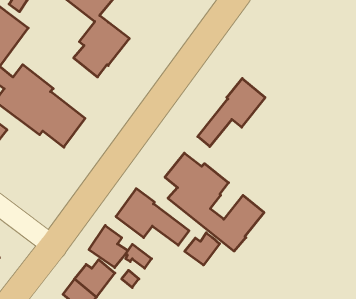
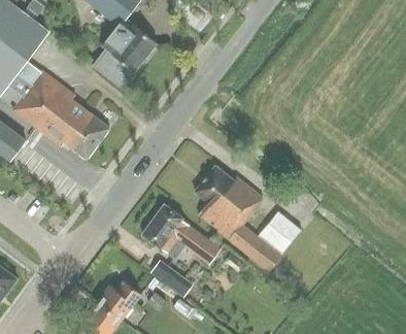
building: [198,78,265,147] -> none
building: [89,225,128,268] -> none
building: [185,233,220,265] -> none

